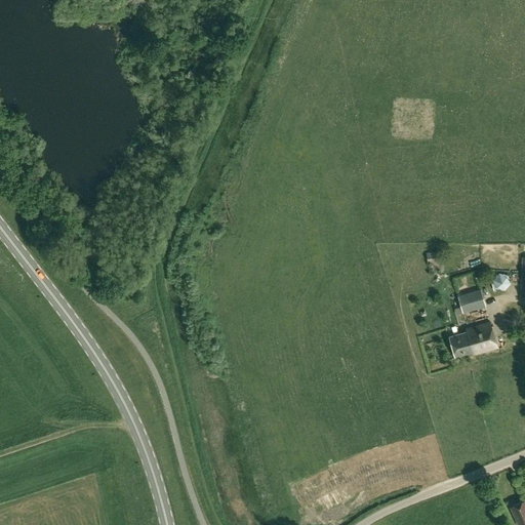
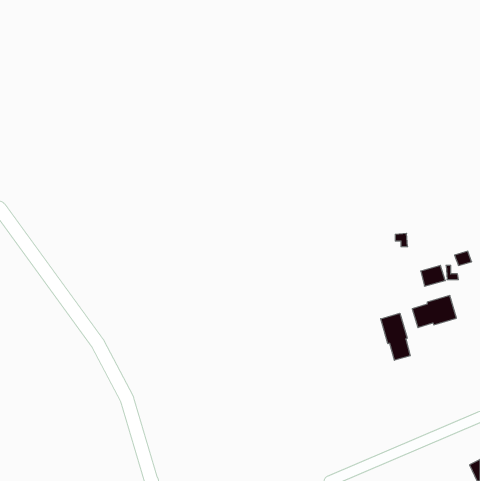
building: none -> [381,313,410,360]

